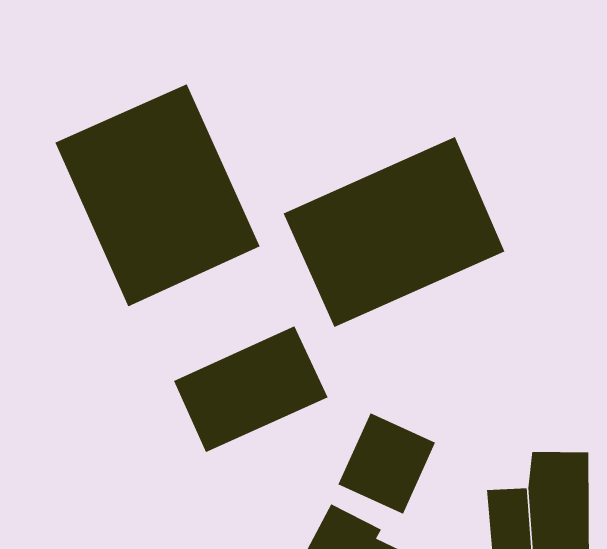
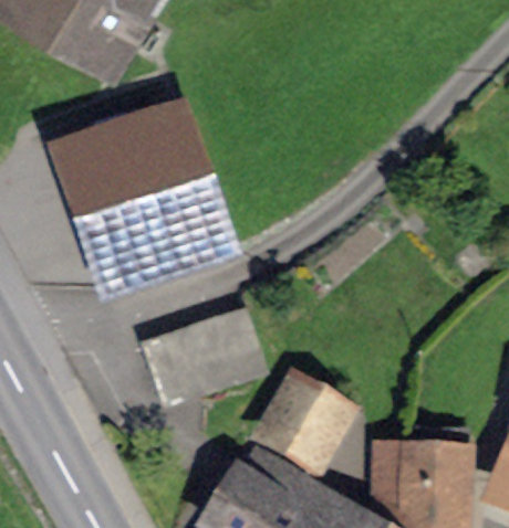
building: [283,136,505,328] -> none

